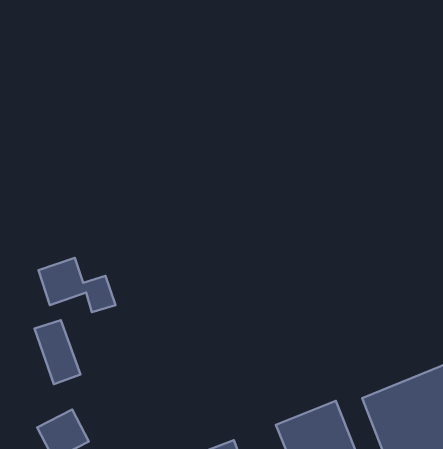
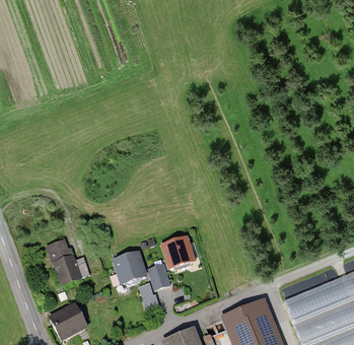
building: [39,258,115,312] -> [111,249,166,288]
building: none -> [159,234,193,267]

